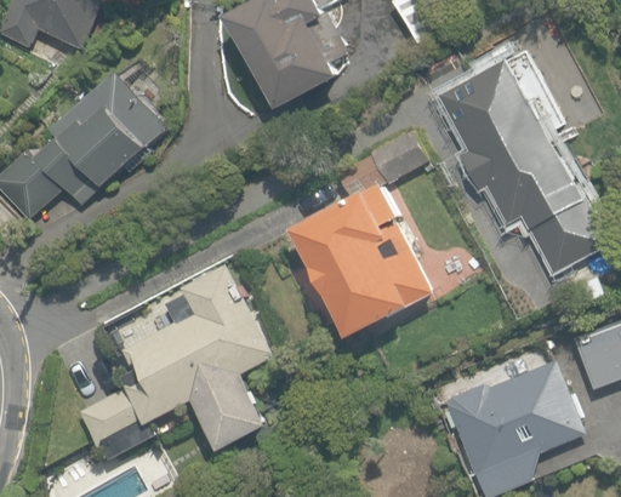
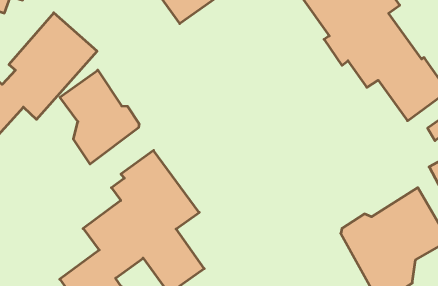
building: [289,133,434,339] -> none
building: none -> [60,70,139,164]

